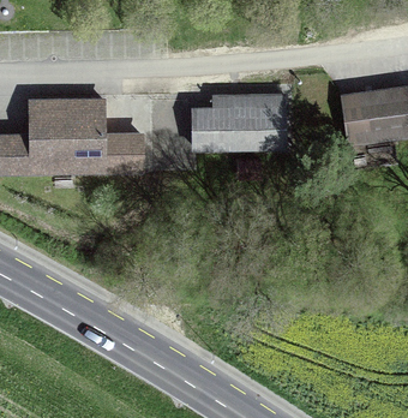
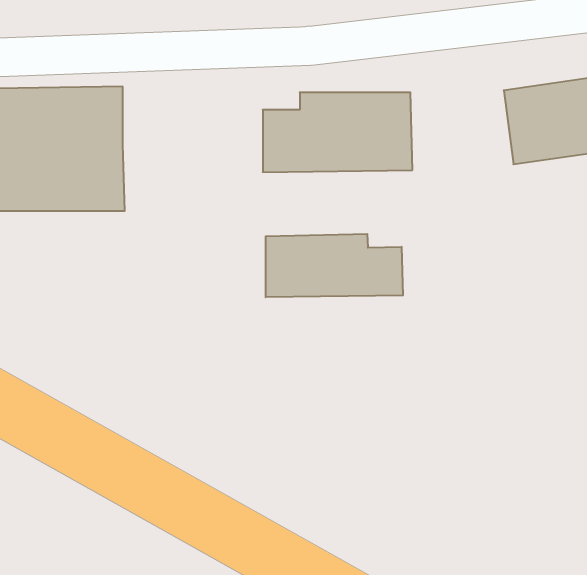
building: [106,131,144,173] -> none
building: none -> [266,234,403,297]

